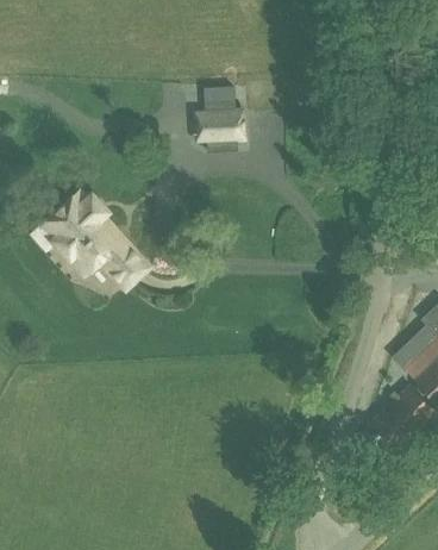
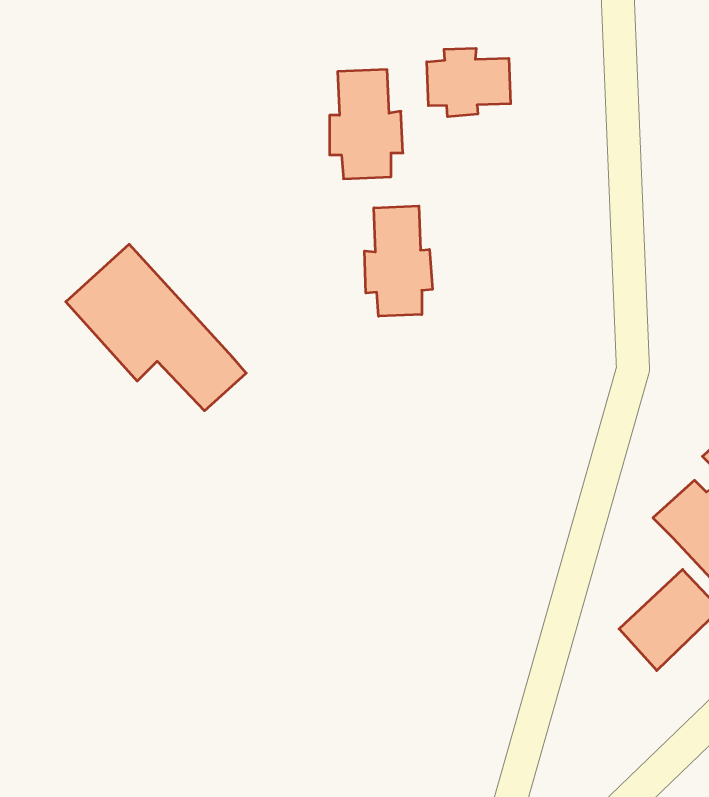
building: none -> [427,48,511,117]
building: none -> [365,206,432,316]

